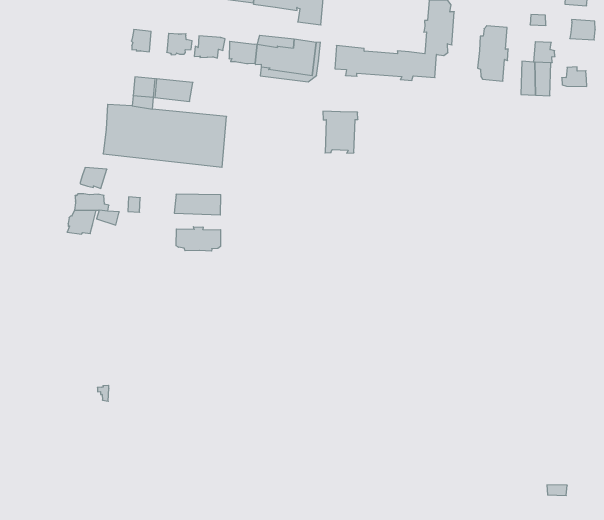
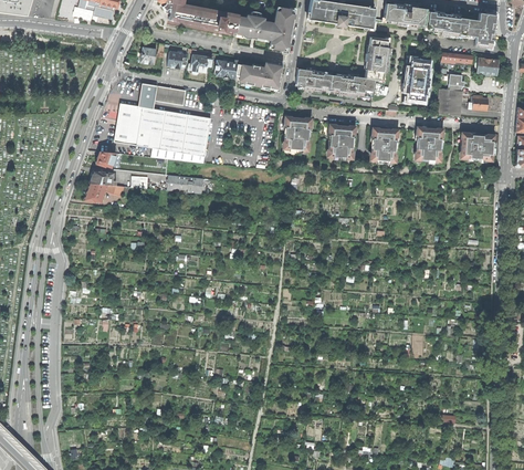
building: none -> [416,127,443,161]
building: none -> [461,132,494,158]
building: none -> [328,125,355,158]
building: none -> [370,128,398,161]
building: [176,227,221,251] -> none

